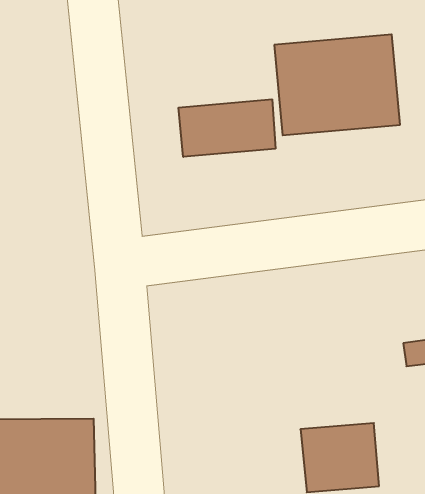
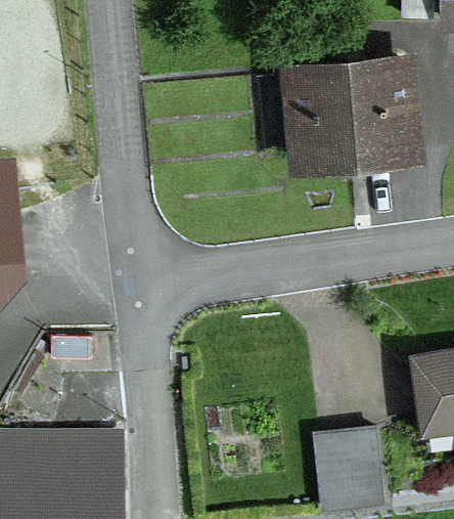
building: [179,99,275,157] -> none

